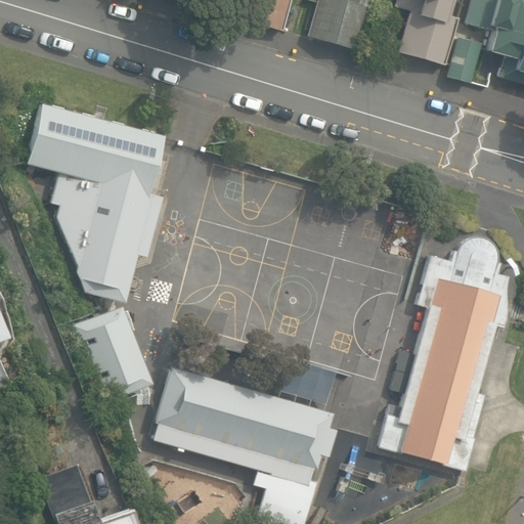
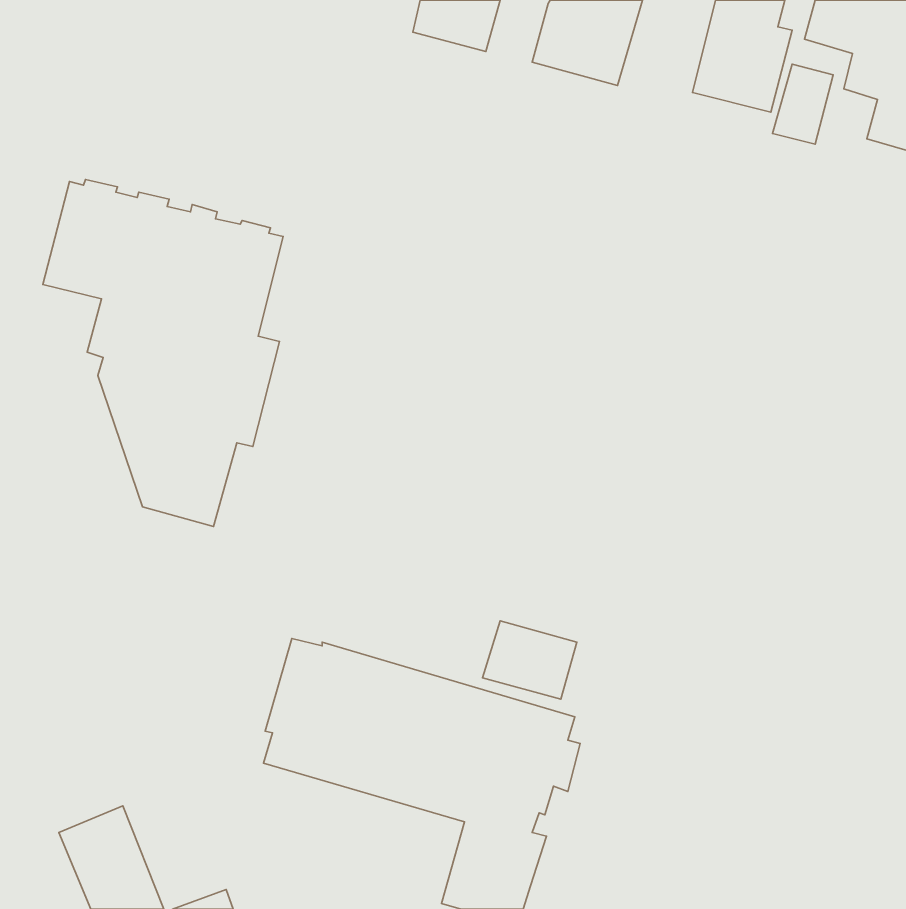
building: [378,236,509,470] -> none
building: [74,305,152,402] -> none

